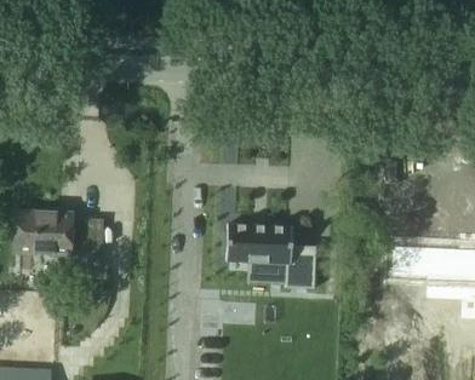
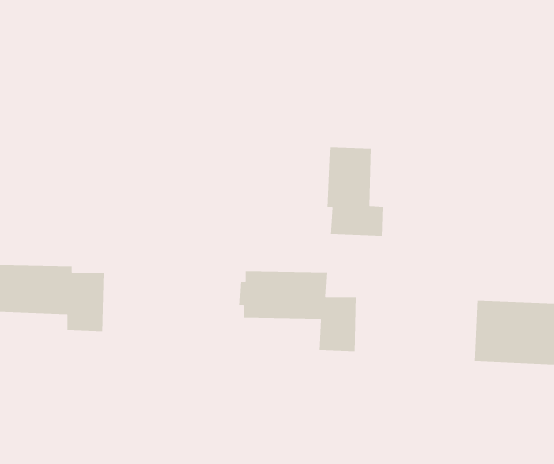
building: none -> [326,146,384,237]

